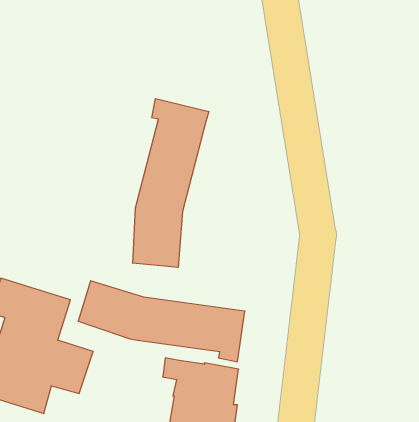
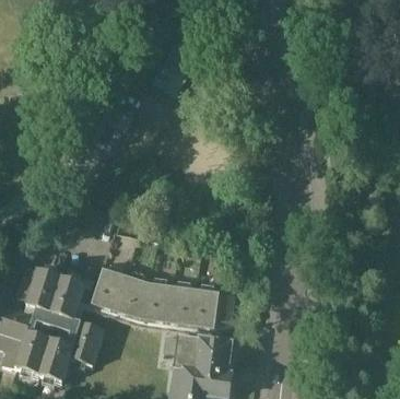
building: [133,99,209,267] -> none

